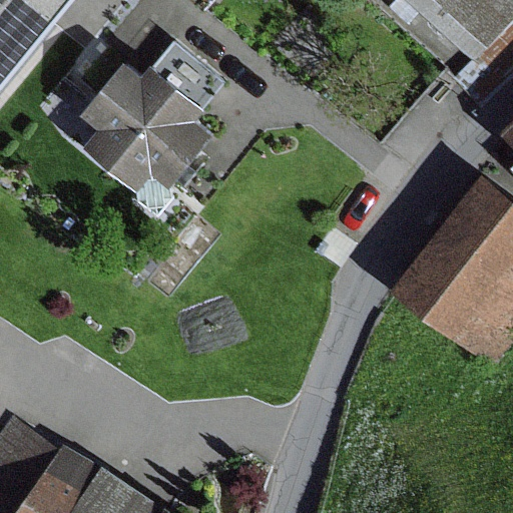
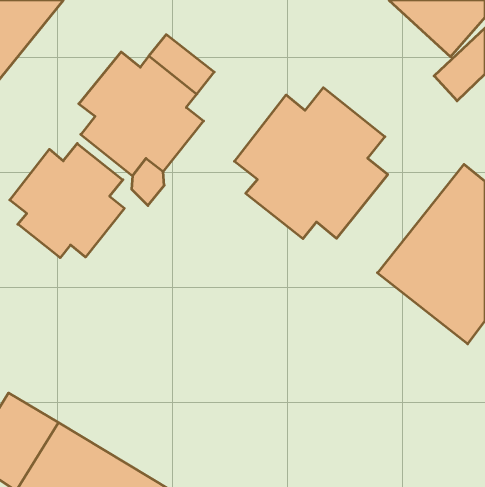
building: none -> [234,88,388,239]
building: none -> [10,143,124,258]

